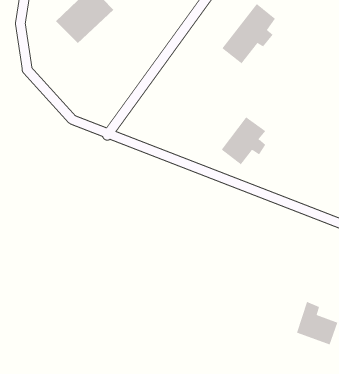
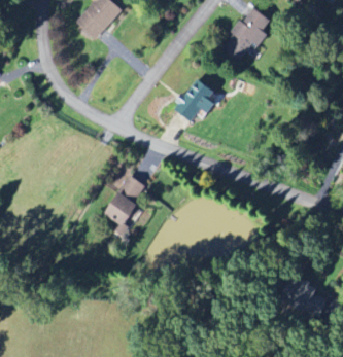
building: [221,117,266,165] -> [173,77,214,121]
building: none -> [106,174,146,225]

